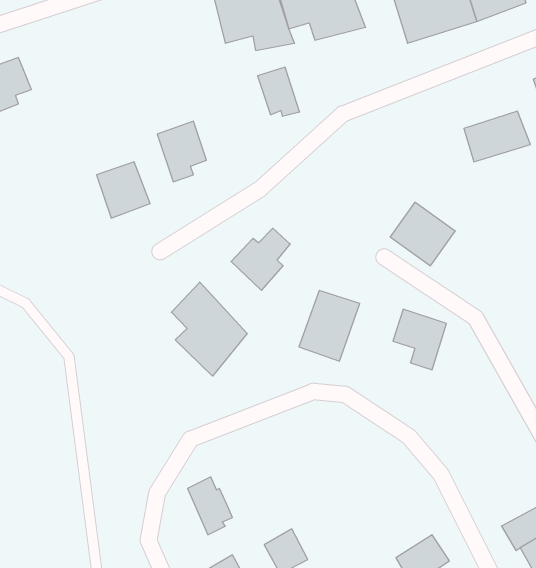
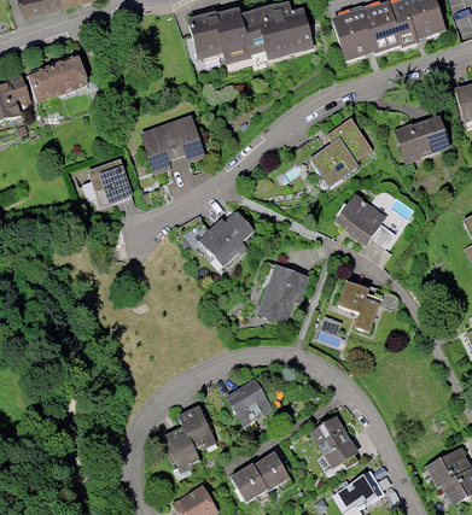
building: none -> [28,52,91,101]
building: [258,67,300,116] -> [169,119,204,160]
building: none -> [308,121,372,187]
building: [171,282,247,376] -> none
building: none -> [226,382,272,428]
building: none -> [179,403,218,447]
building: none -> [309,417,356,468]
building: none -> [251,456,286,492]

